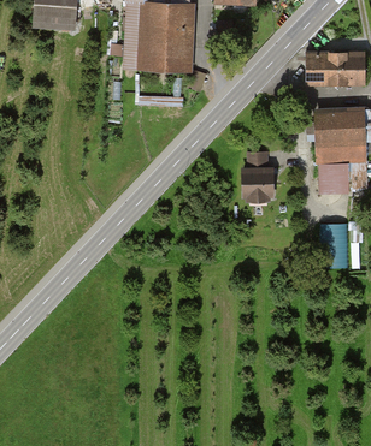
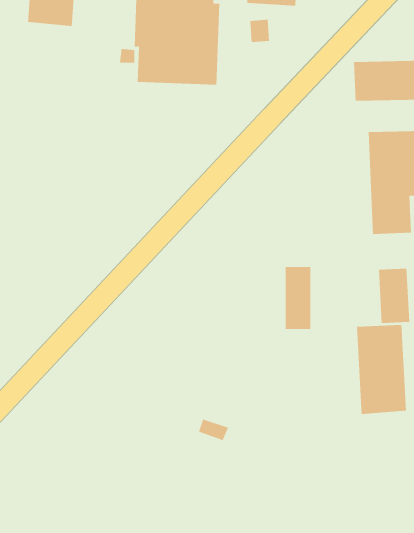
building: [248,150,270,202] -> [285,266,311,329]
building: none -> [356,324,407,415]

